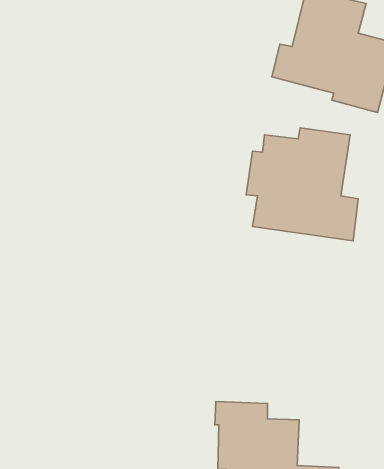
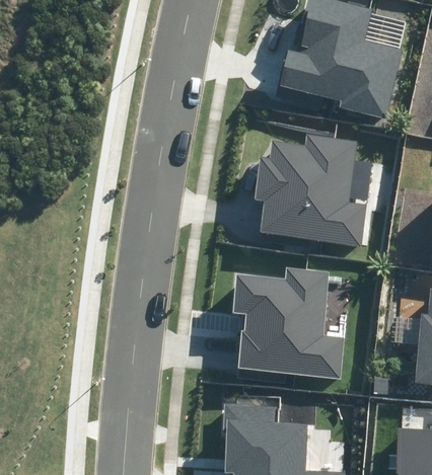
building: none -> [234,267,345,378]

